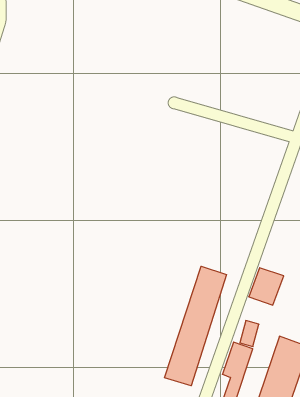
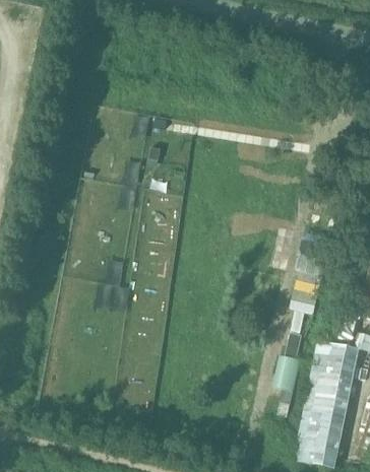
building: [165,266,226,386] -> none

